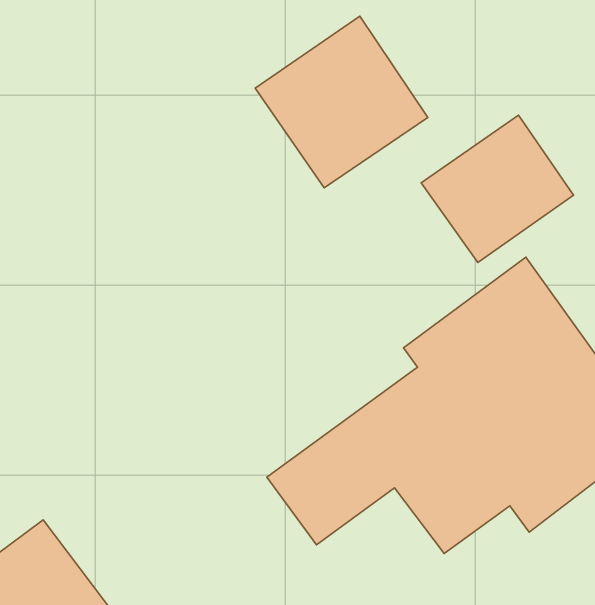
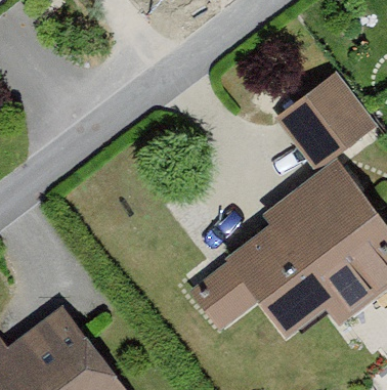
building: [255,16,428,188] -> none

